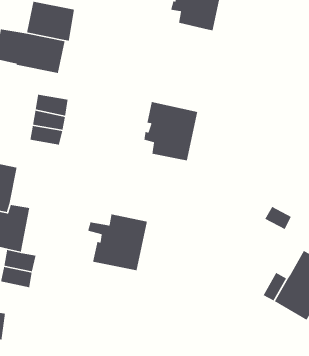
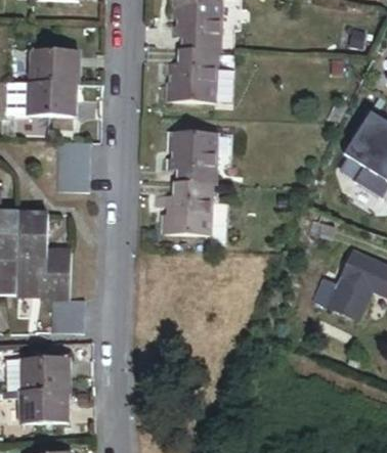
building: none -> [170,47,216,99]
building: [87,214,148,271] -> [155,181,213,233]

